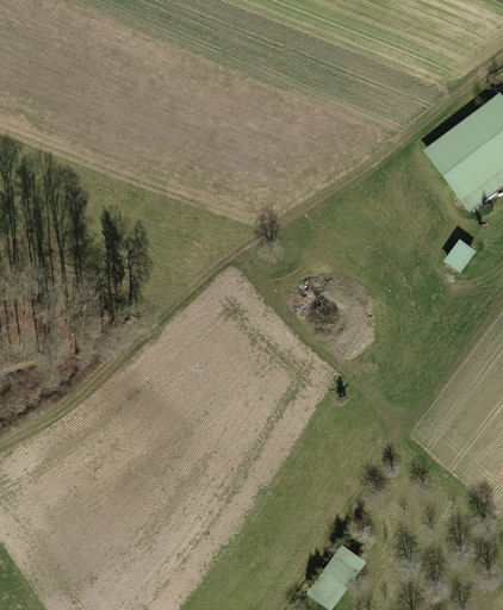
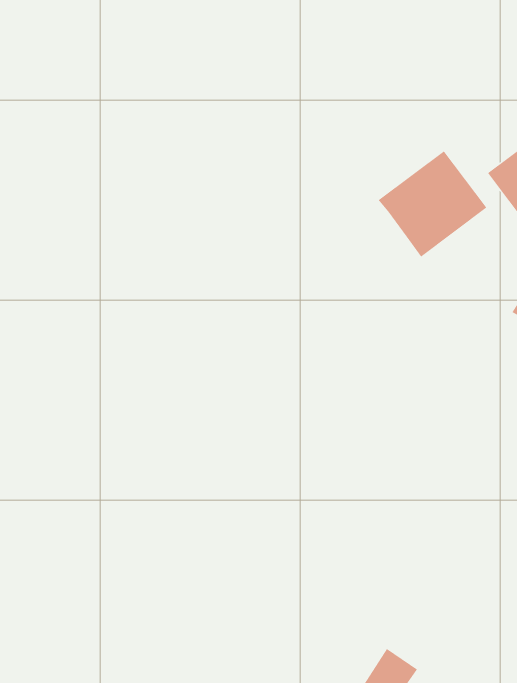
building: none -> [378,150,487,257]

